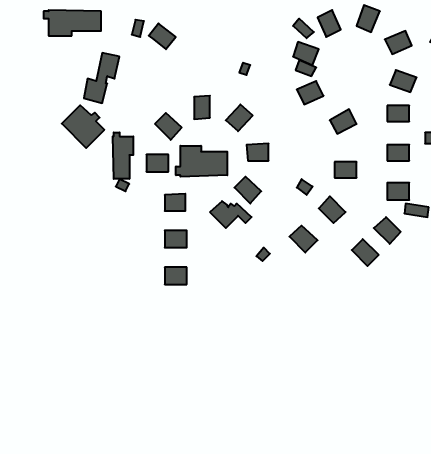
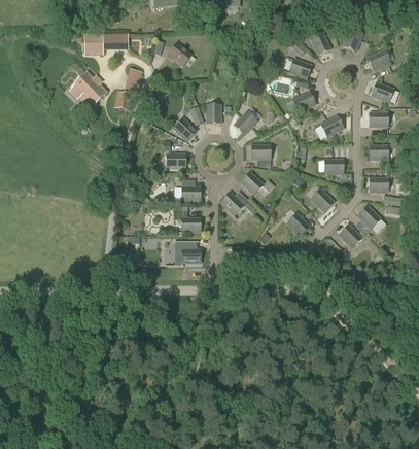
building: [62,105,104,148] -> [70,71,106,107]
building: [113,132,133,179] -> none
building: [176,146,227,177] -> none

